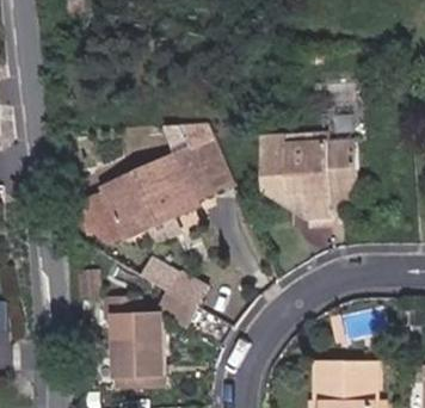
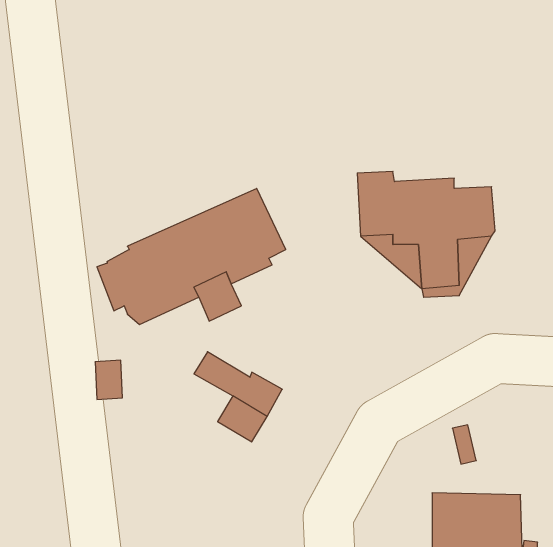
building: [179,122,234,191] -> none
building: [103,297,162,385] -> none

